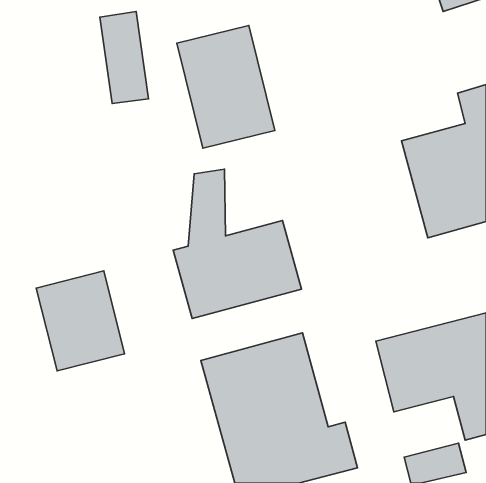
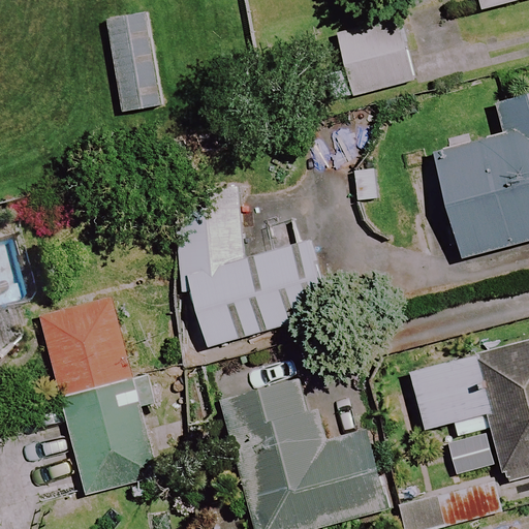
building: none -> [324,18,415,101]
building: [177,25,275,148] -> none
building: none -> [62,384,158,496]

